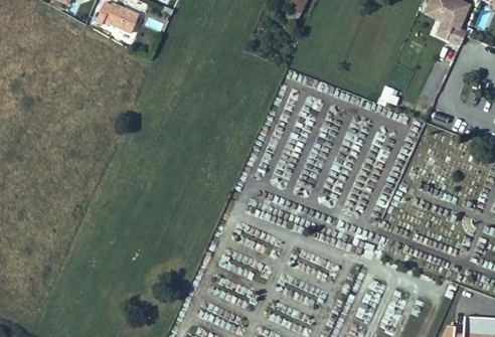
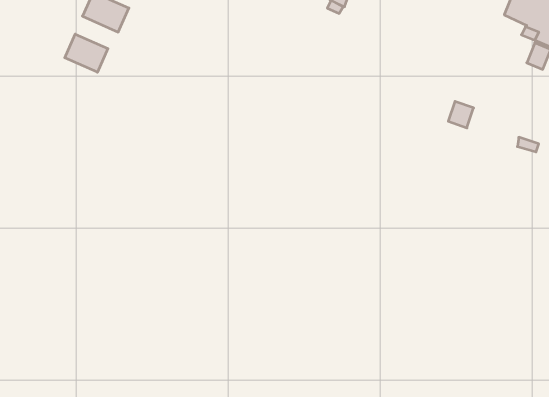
building: none -> [65,34,108,72]

